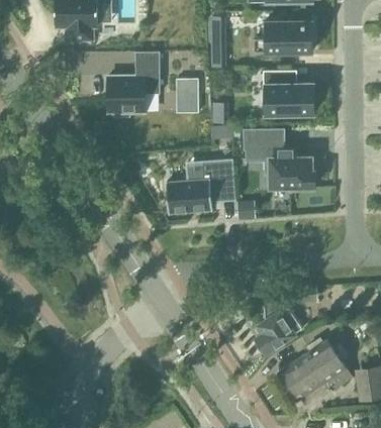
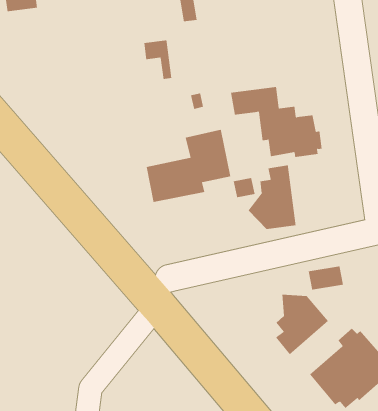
building: [108,51,160,116] -> none
building: [263,71,313,114] -> none
building: none -> [248,165,296,230]

